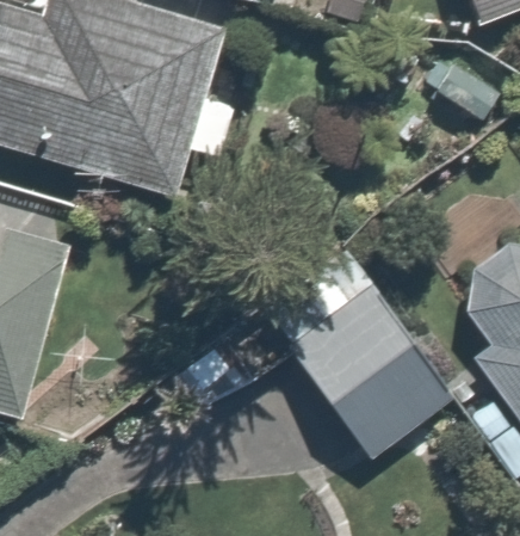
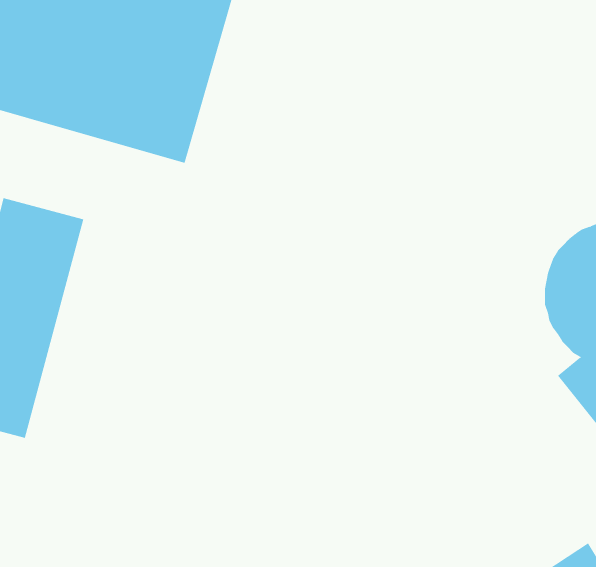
building: [287,278,459,462] -> none

